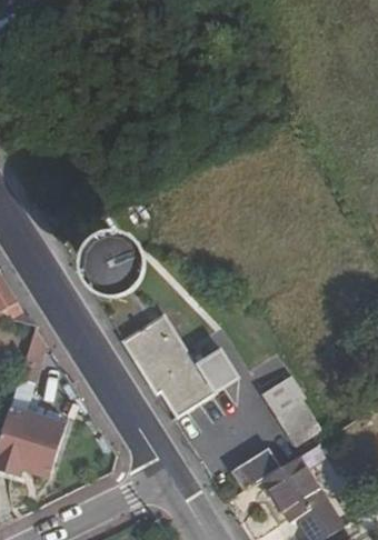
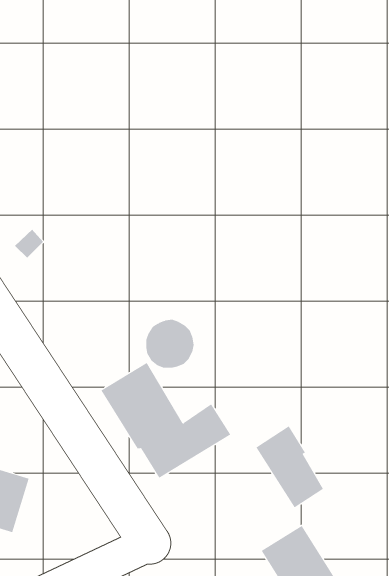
building: [94,247,137,289] -> [145,319,194,368]
building: [230,447,278,490] -> none

